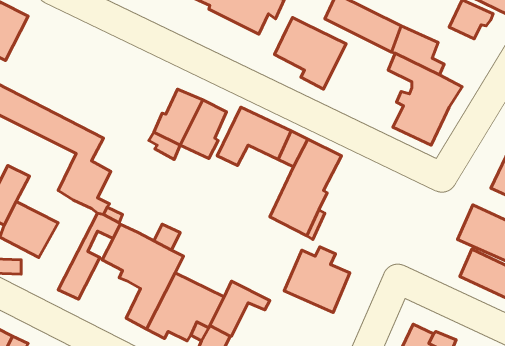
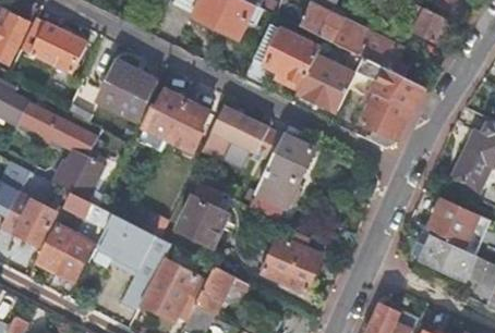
building: none -> [21,17,86,73]
building: none -> [297,54,355,112]
building: none -> [64,60,158,121]
building: none -> [176,180,228,246]
building: none -> [37,190,92,272]

